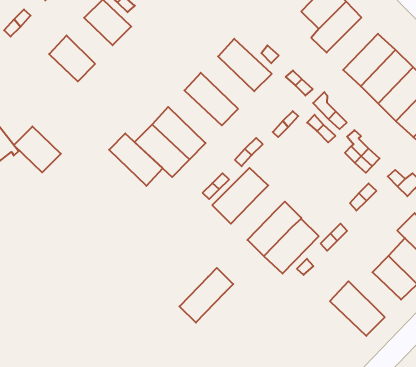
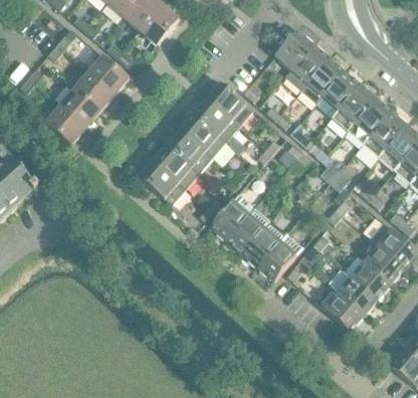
building: none -> [299,56,343,103]
building: none -> [74,71,115,111]
building: none -> [192,97,239,142]
building: [14,126,61,172] -> [45,105,86,144]
building: [109,133,163,186] -> [166,129,213,173]
building: none -> [330,268,377,314]
building: [179,268,233,323] -> [226,206,271,254]

